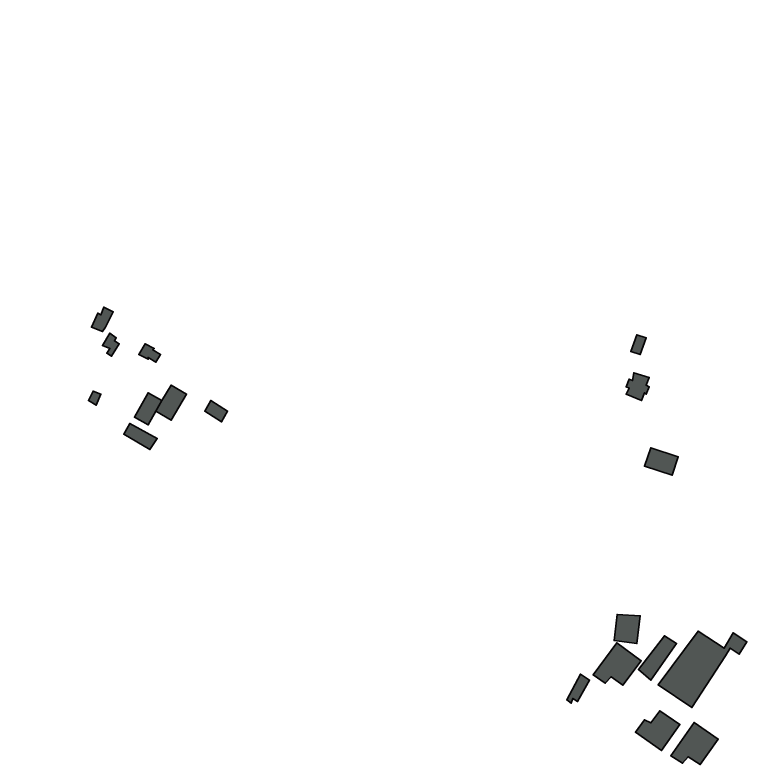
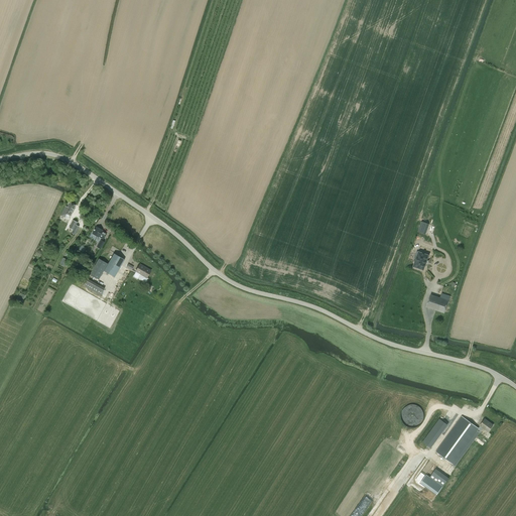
building: [593,643,641,685] -> none
building: [671,722,718,764] -> none

